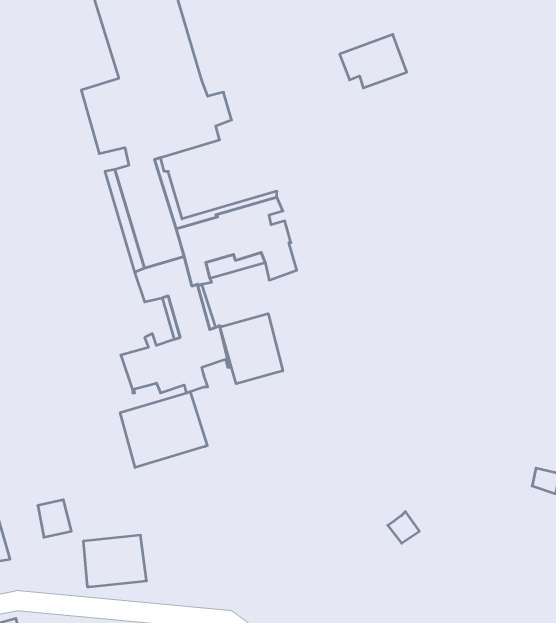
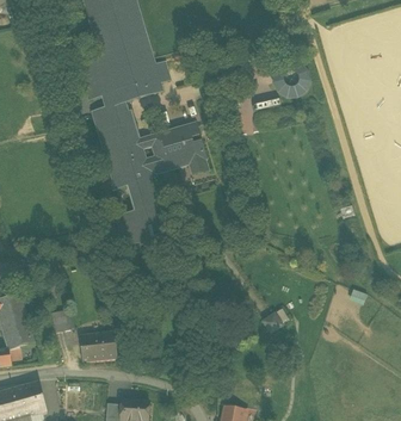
building: [340,34,407,88] -> [272,67,313,99]
building: [220,314,283,384] -> none
building: [120,392,207,468] -> none

